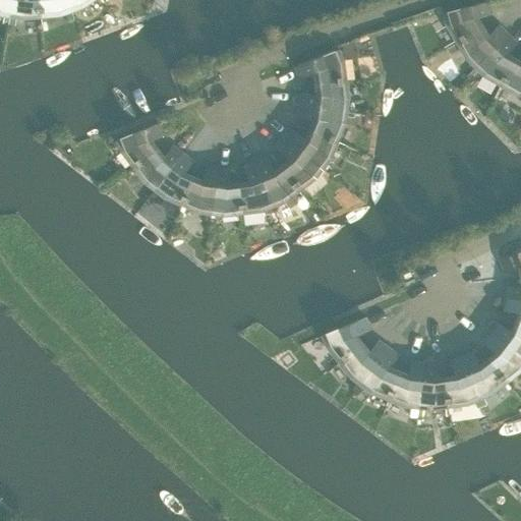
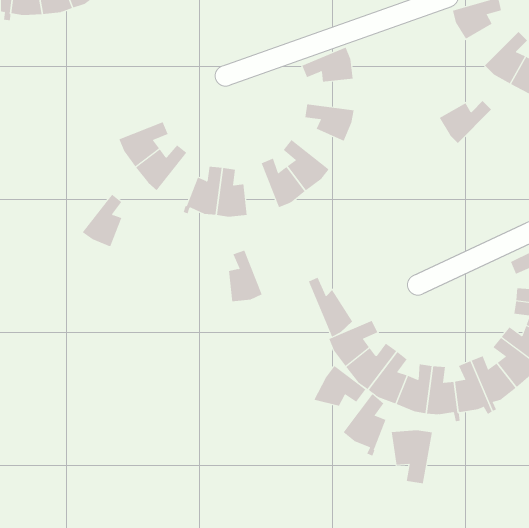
building: [458,21,510,64] -> [439,100,492,144]
building: [302,77,350,108] -> none
building: [287,126,339,166] -> none
building: [156,150,195,201] -> [82,194,122,247]
building: [241,160,275,211] -> [228,250,263,302]
building: none -> [308,277,353,337]
building: none -> [313,365,366,407]
building: none -> [343,393,386,456]
building: none -> [391,430,433,484]

